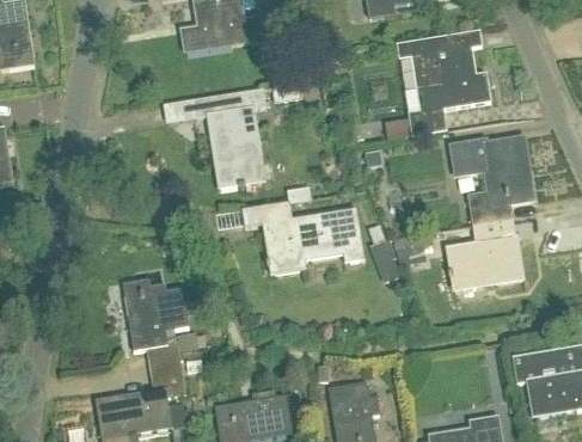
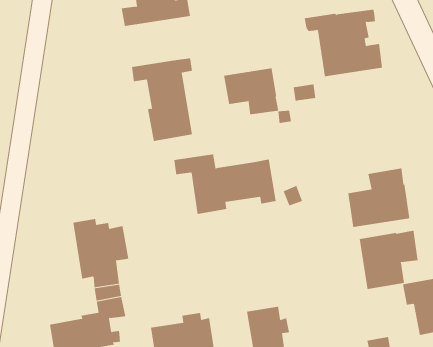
building: none -> [224,67,279,115]
building: [451,136,528,226] -> none
building: none -> [359,230,418,290]

